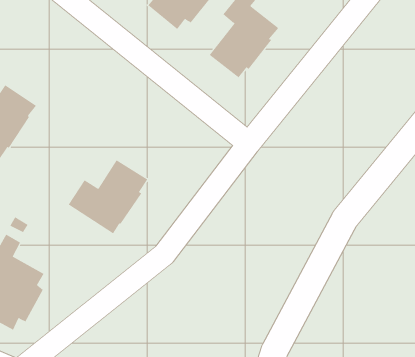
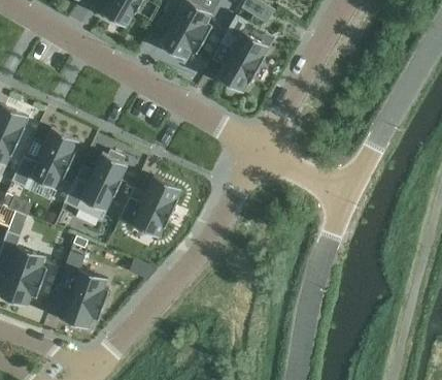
building: none -> [63,151,127,220]

